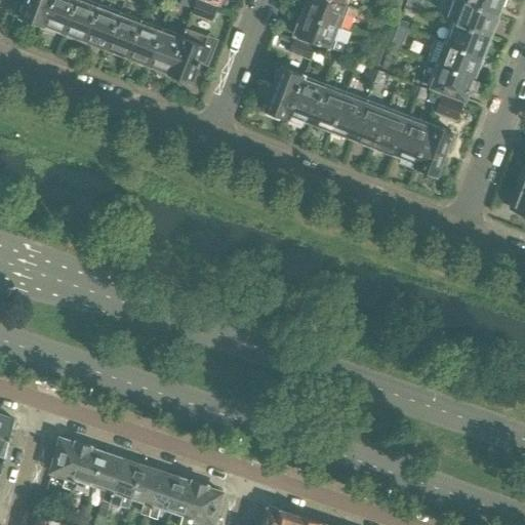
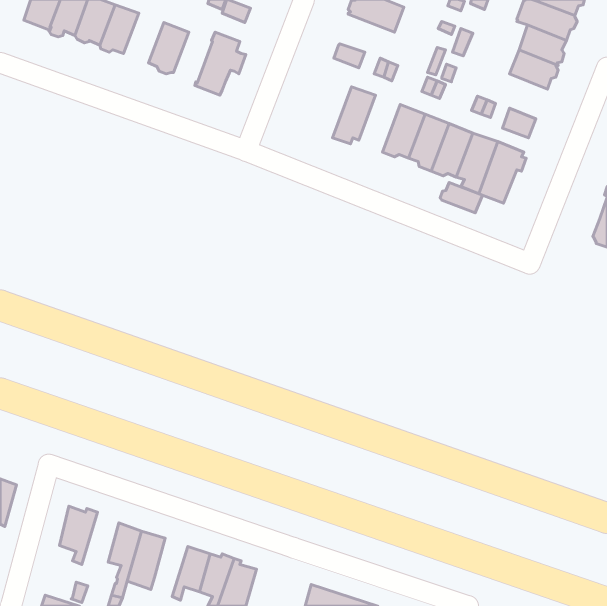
building: [107,11,142,55] -> none
building: [294,12,344,51] -> none
building: [150,28,184,75] -> none
building: [421,60,474,98] -> none
building: [265,67,304,119] -> none
building: [310,82,346,131] -> none
building: none -> [440,183,482,213]
building: [70,442,103,496] -> none
building: [133,465,162,515] -> none

